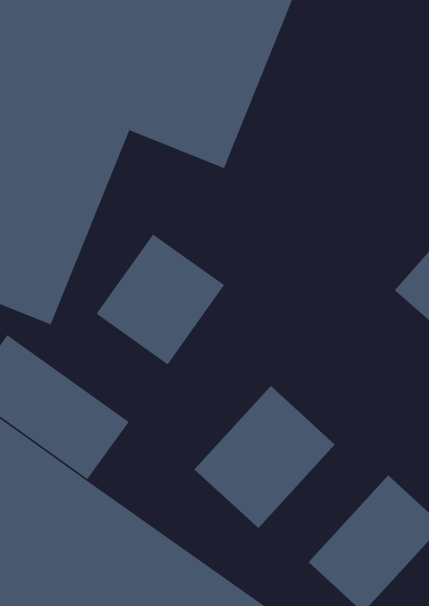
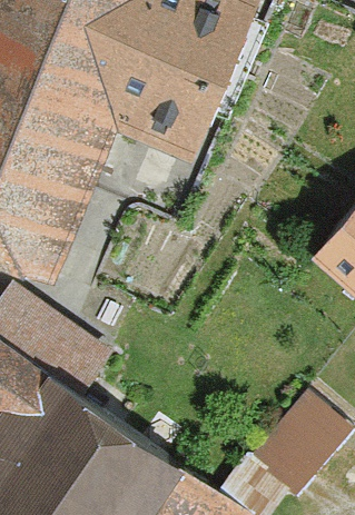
building: [95,233,225,366] -> none
building: [194,385,336,529] -> none

